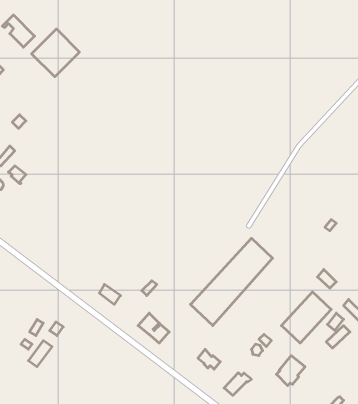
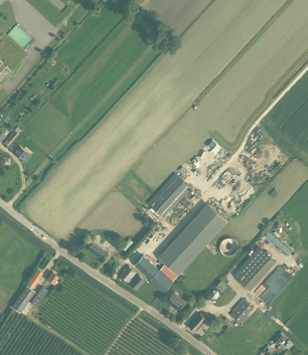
building: [32,29,79,77] -> none
building: none -> [146,172,189,216]
building: none -> [138,257,175,292]

